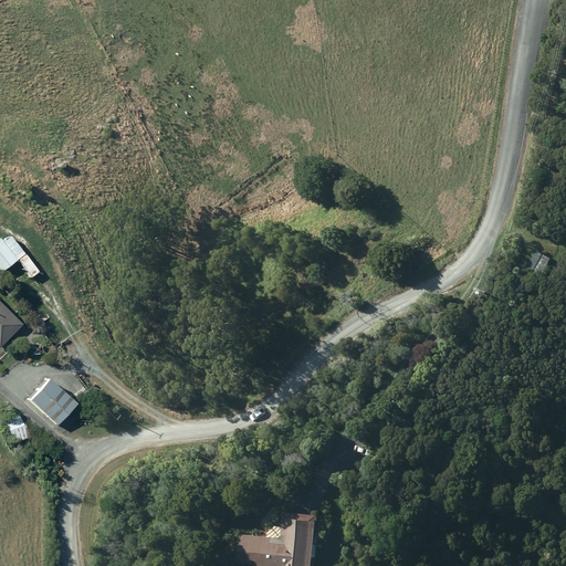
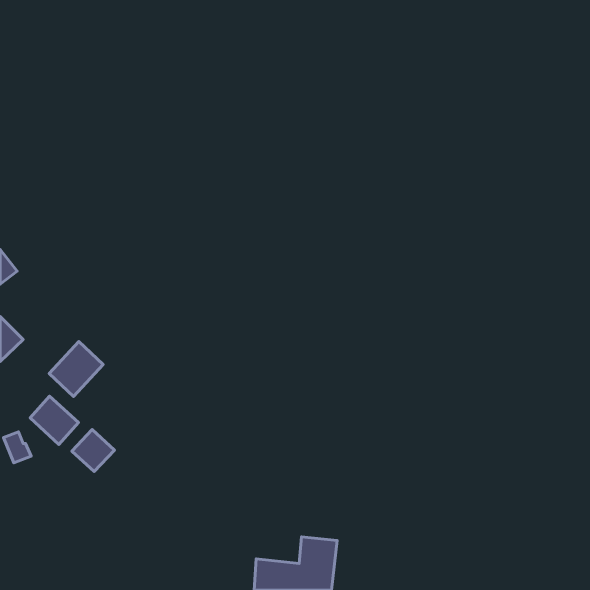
building: none -> [49,341,103,397]
building: none -> [72,430,115,472]

